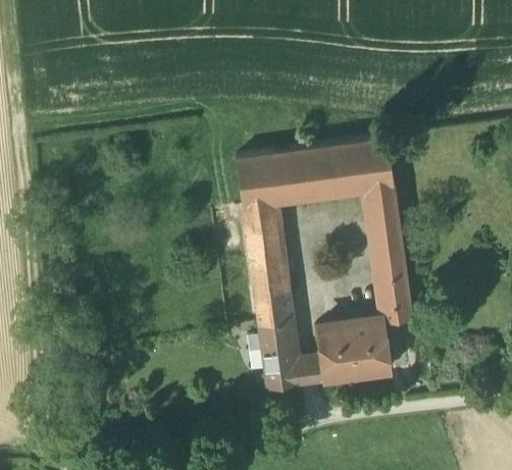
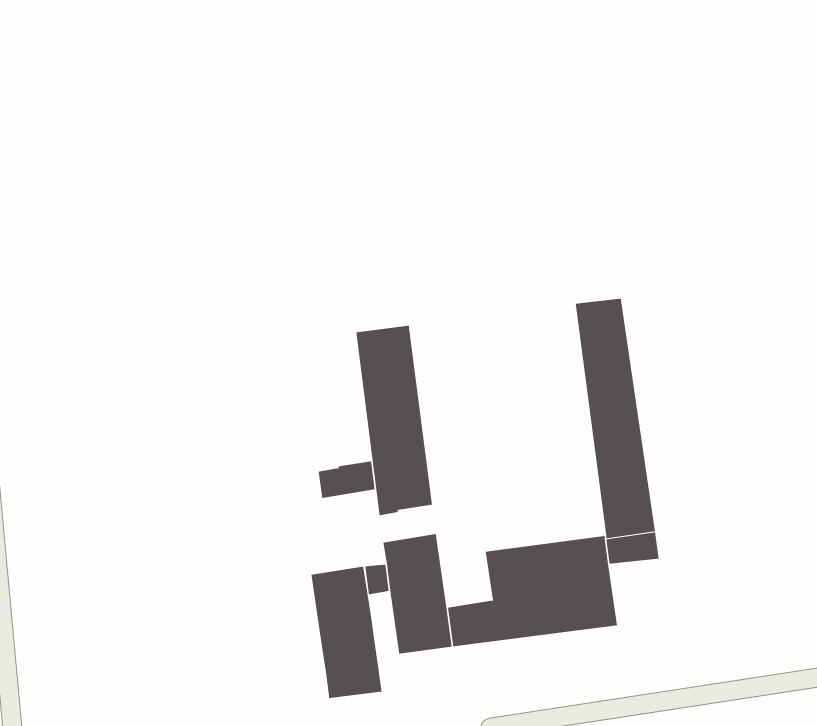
building: [237,141,394,207] -> none
building: [256,305,289,326] -> [318,461,375,499]
building: none -> [311,566,382,699]

